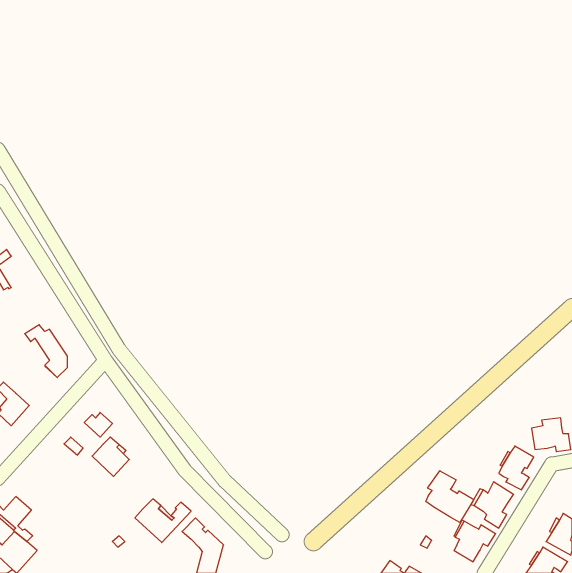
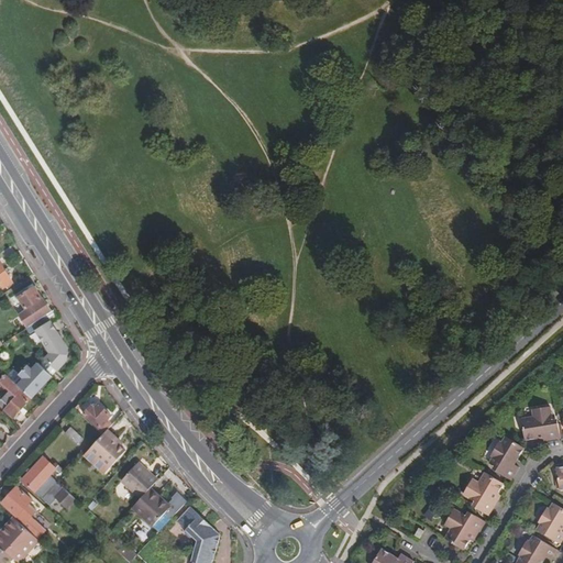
building: none -> [13,285,48,327]
building: none -> [15,362,49,398]
building: none -> [22,456,76,507]
building: [426,471,474,522] -> none
building: none -> [121,463,157,498]

